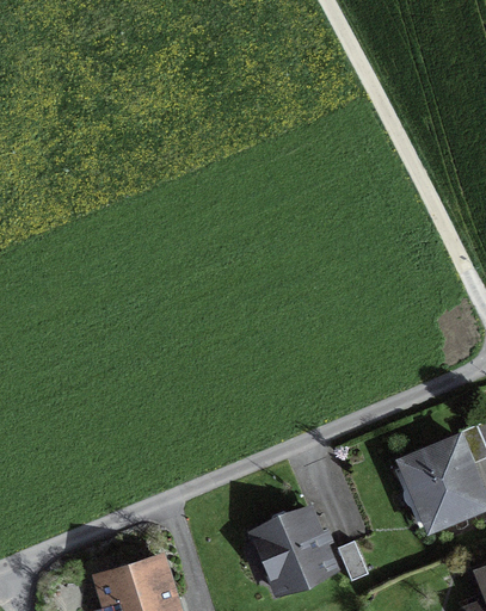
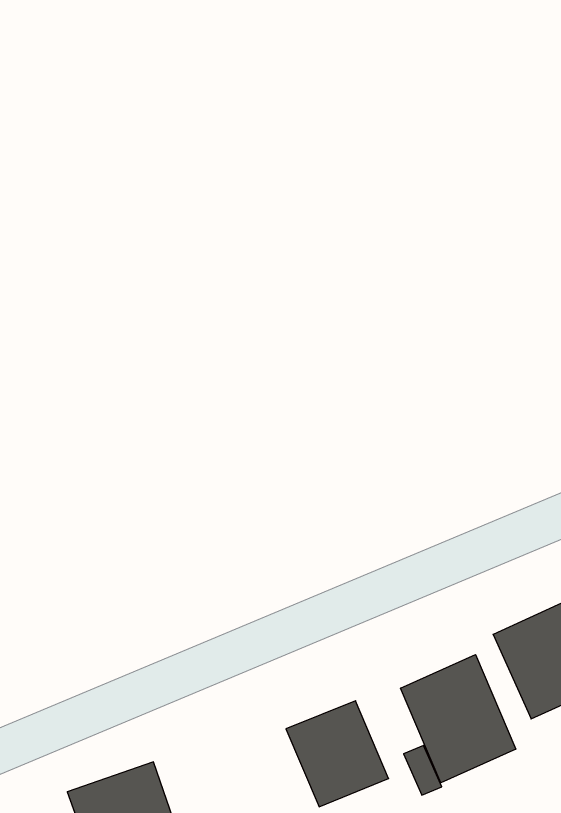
building: none -> [401,655,516,783]

